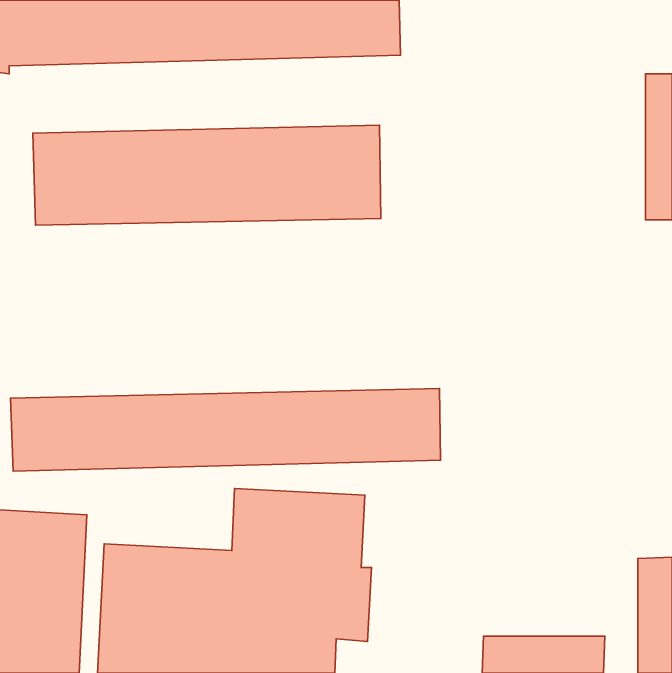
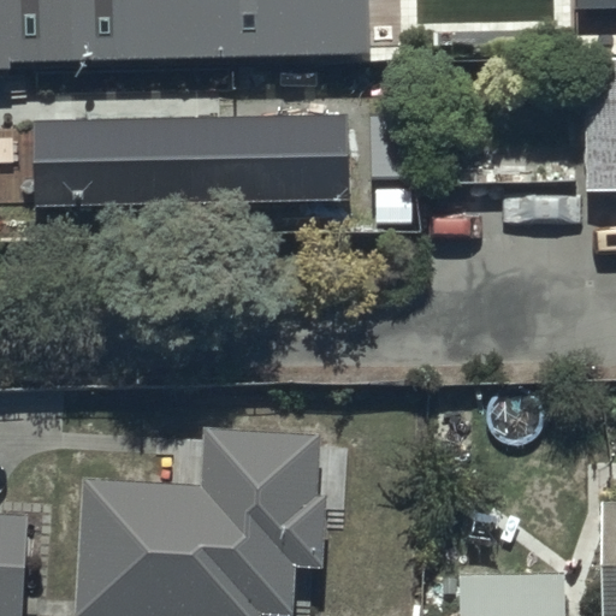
building: [11,388,440,471] -> none

